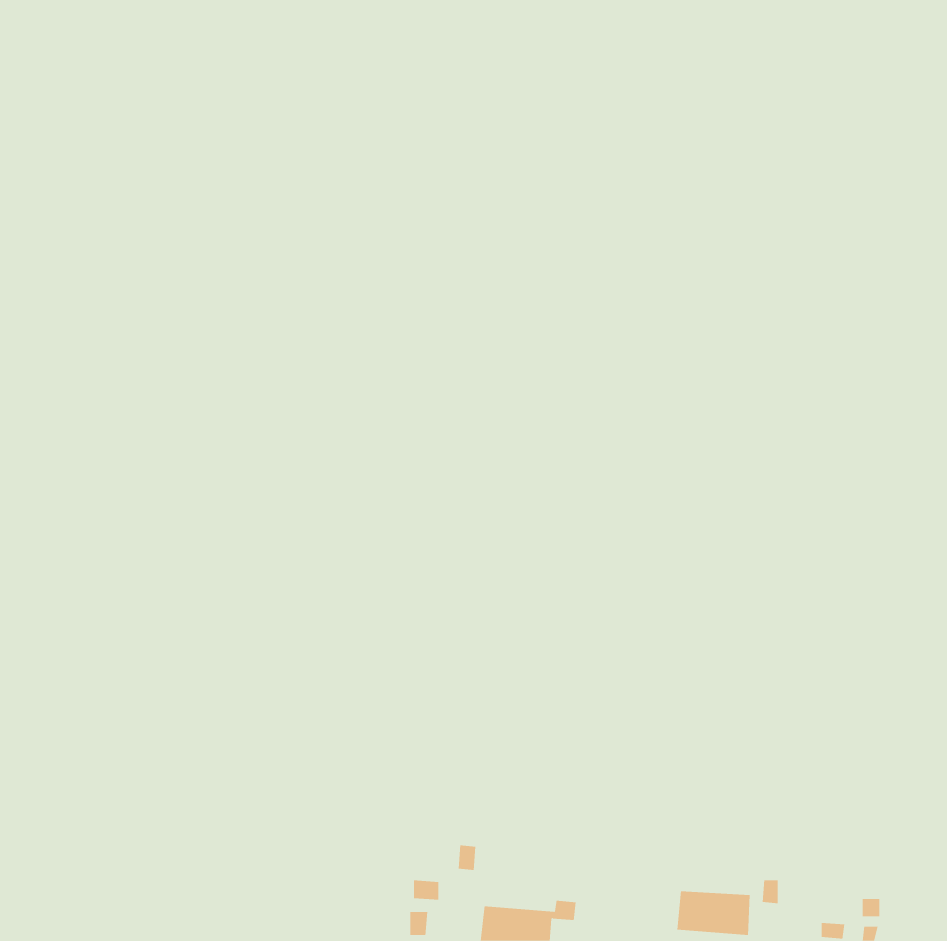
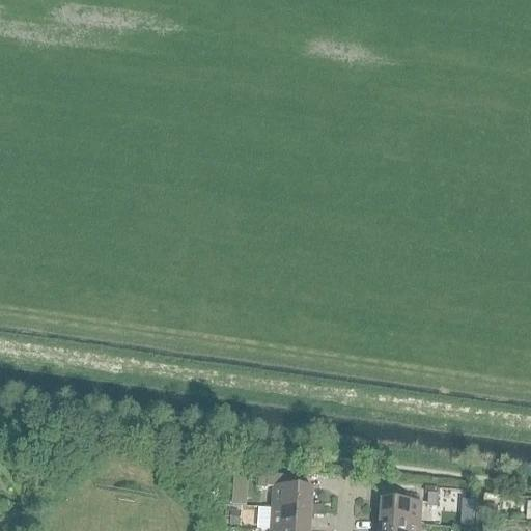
building: none -> [271,485,312,510]

